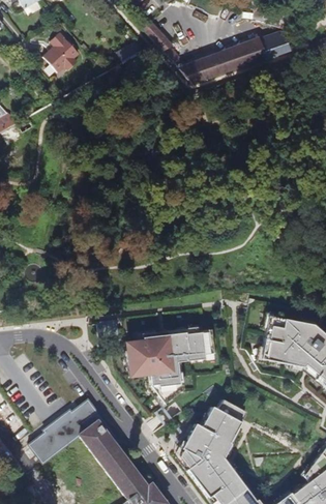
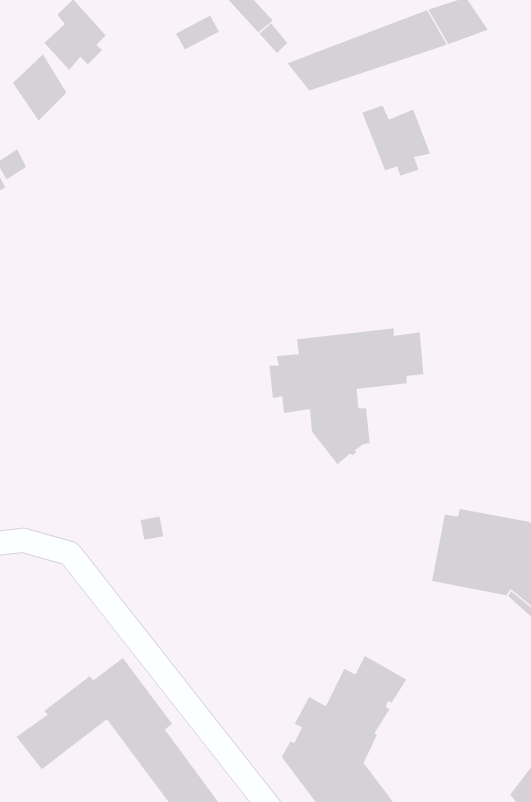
building: none -> [12,54,67,121]
building: none -> [362,105,431,177]
building: [126,327,213,404] -> [268,328,424,465]

